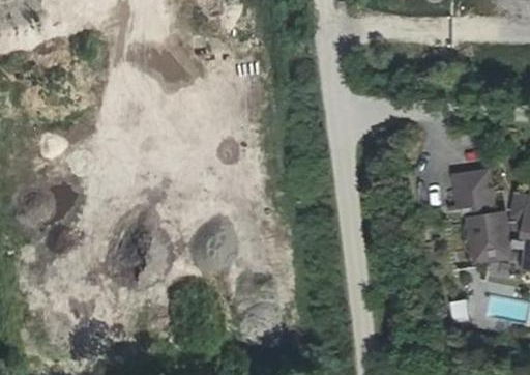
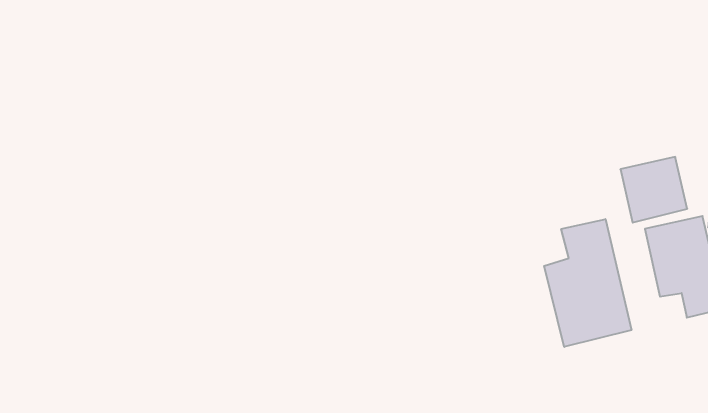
building: none -> [544,219,631,347]

